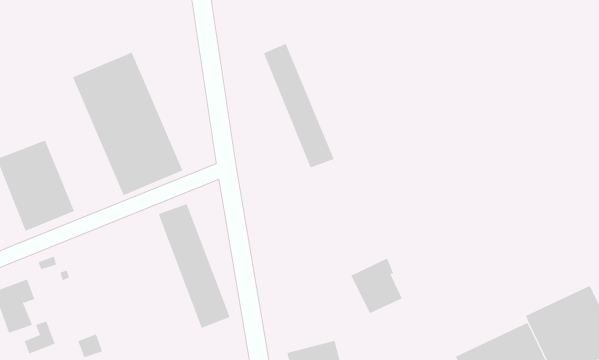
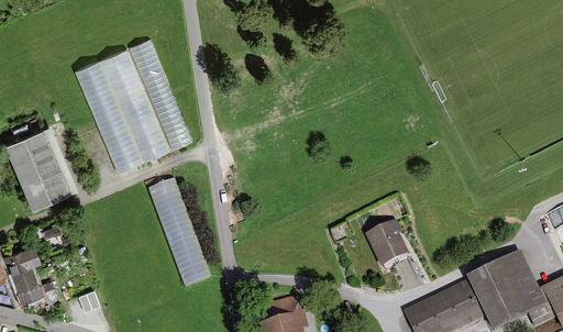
building: [263,43,335,168] -> [130,40,191,147]
building: [350,258,403,314] -> [364,219,409,267]

